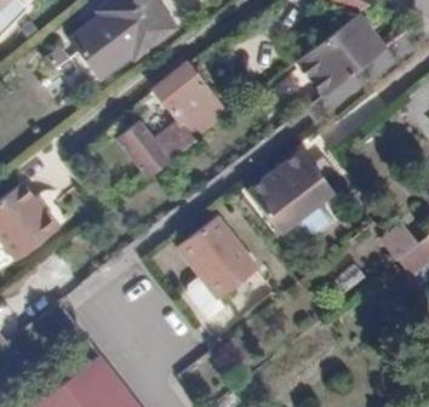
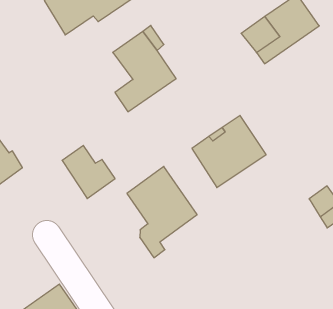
building: [113,121,173,180] -> [62,145,115,199]

